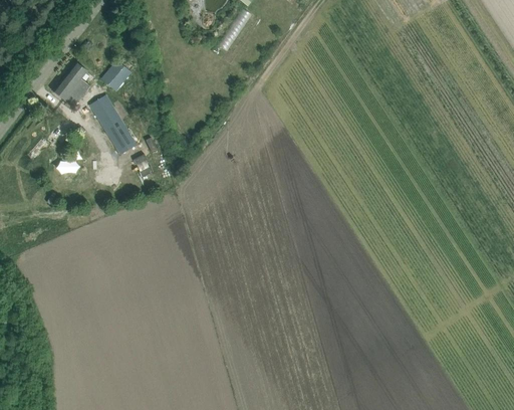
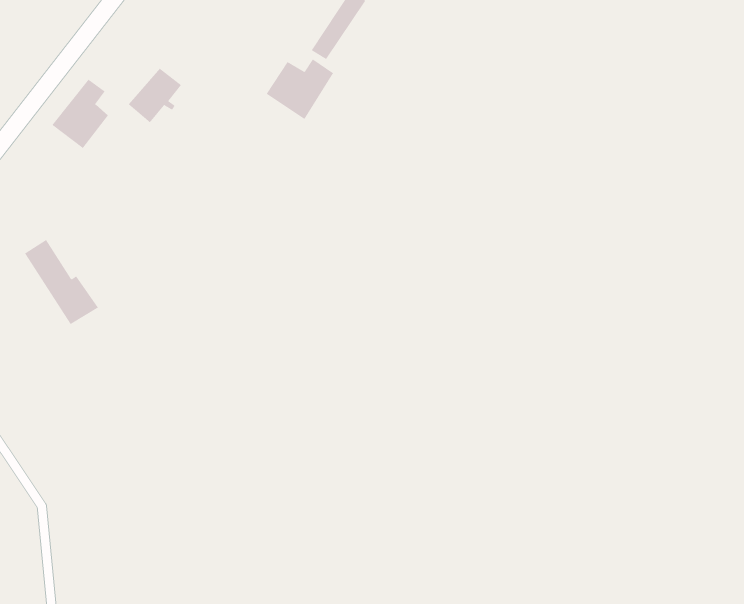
building: none -> [266,59,334,120]
building: [90,94,138,149] -> [24,239,99,325]

